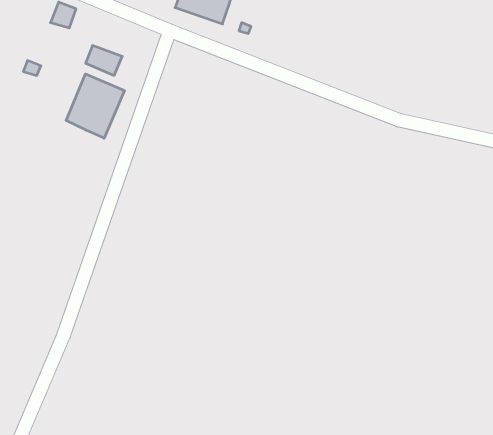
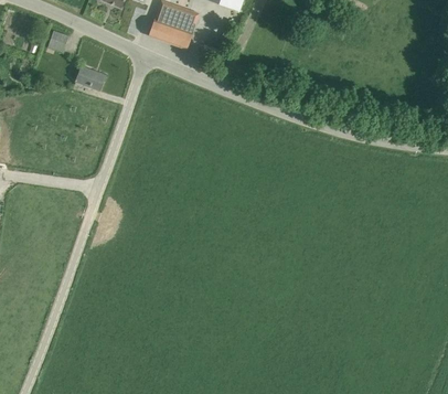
building: [66,74,124,138] -> none

